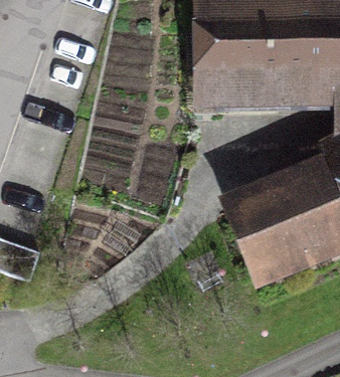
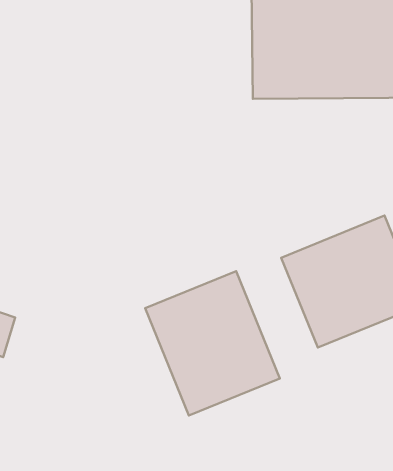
building: none -> [145,271,280,416]

